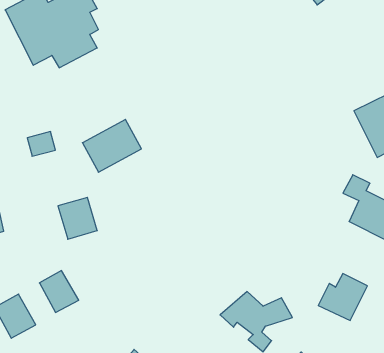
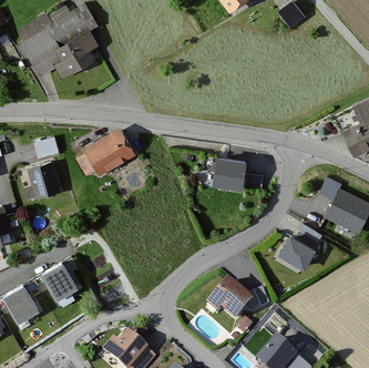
building: none -> [212,154,250,188]
building: [58,197,97,239] -> [28,161,63,198]
building: [318,274,367,320] -> [277,223,321,265]

